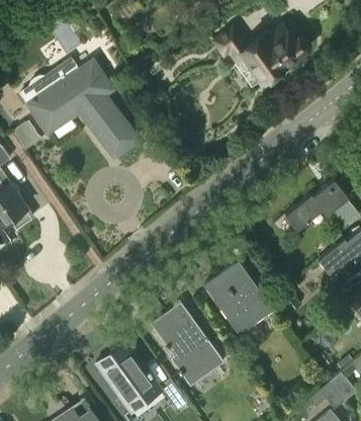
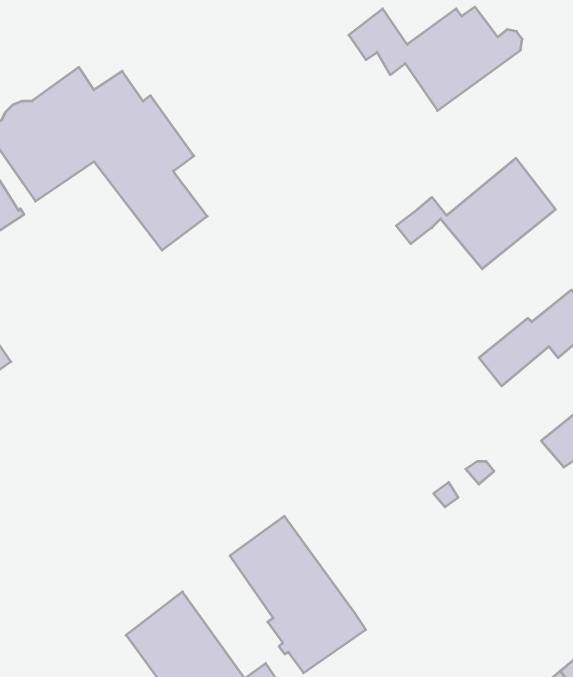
building: none -> [396,158,555,269]
building: [203,261,273,336] -> none

